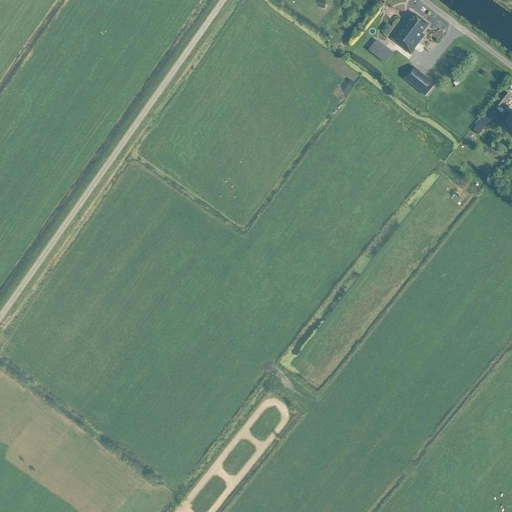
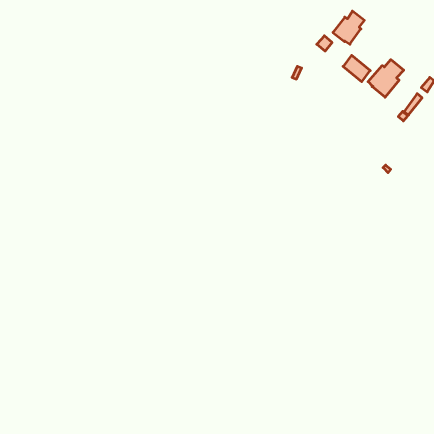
building: none -> [368,60,404,97]

